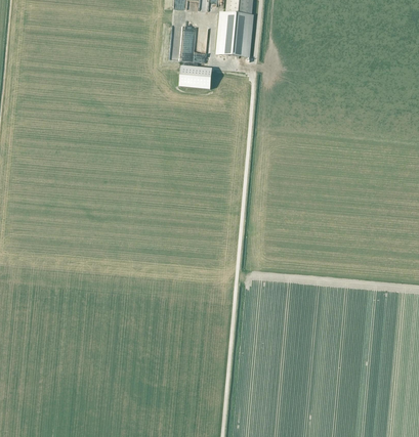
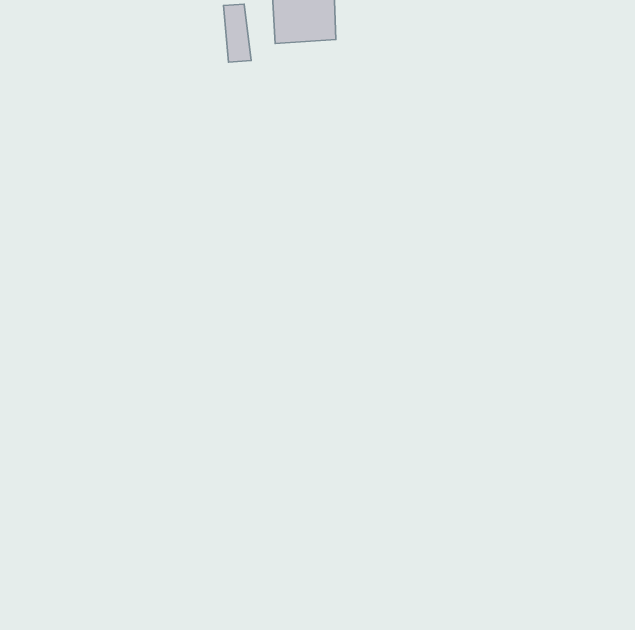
building: [178,64,211,89] -> none

